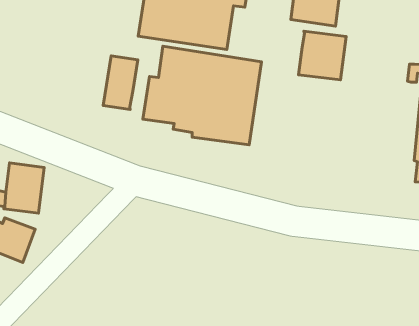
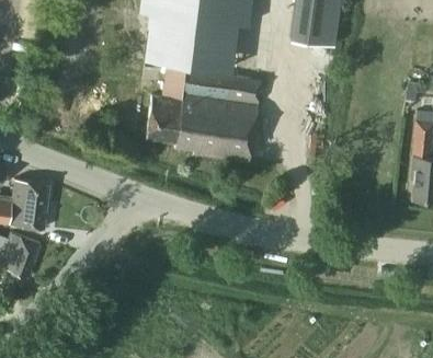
building: [298,31,346,80] -> none
building: [103,56,138,110] -> none

